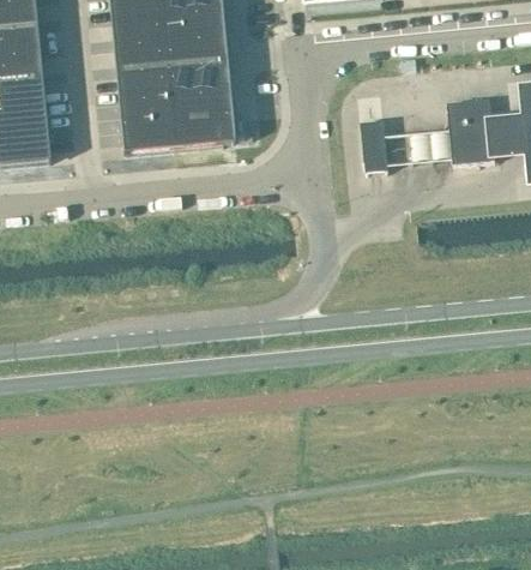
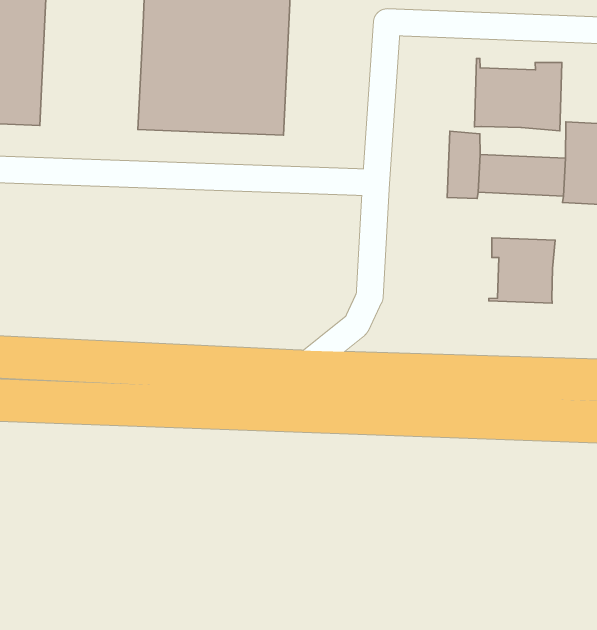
building: none -> [474,58,562,131]
building: none -> [489,238,555,303]

